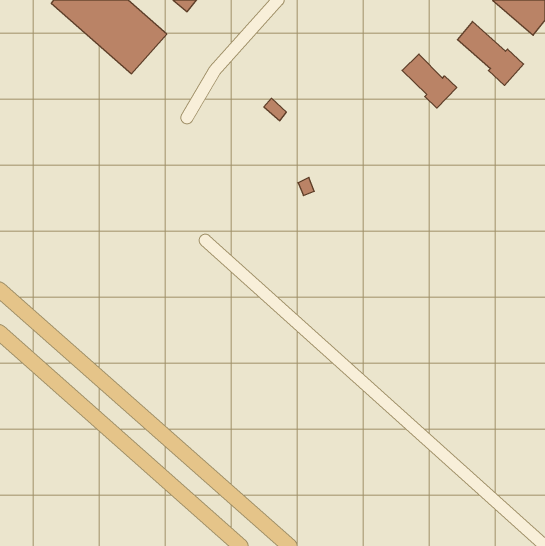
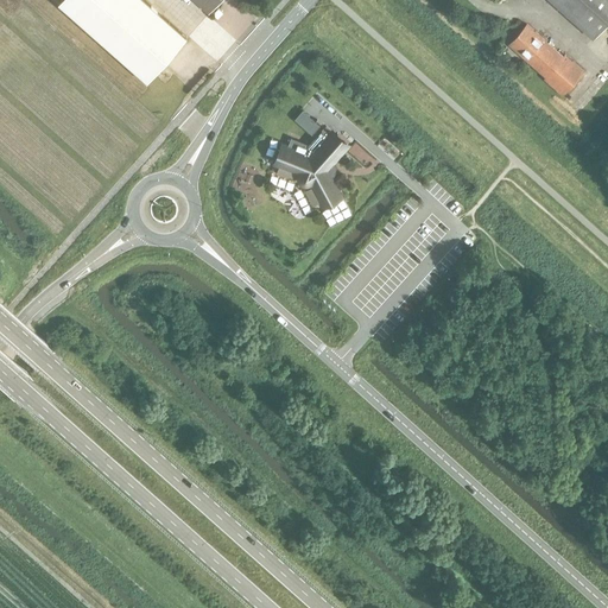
building: [402,54,457,108] -> none
building: none -> [276,127,346,203]

